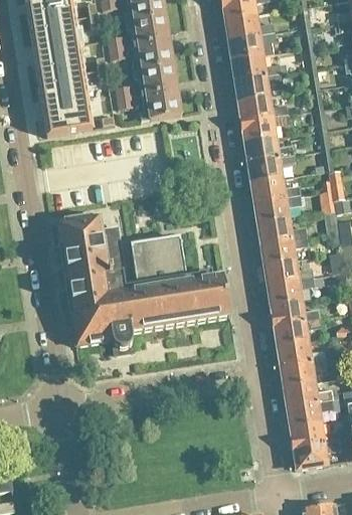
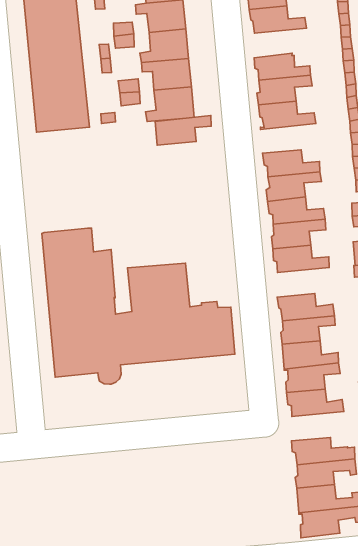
building: [228,31,275,59] -> none
building: [239,113,288,141] -> [155,116,211,145]
building: [261,235,308,264] -> none
building: [281,358,327,386] -> none

